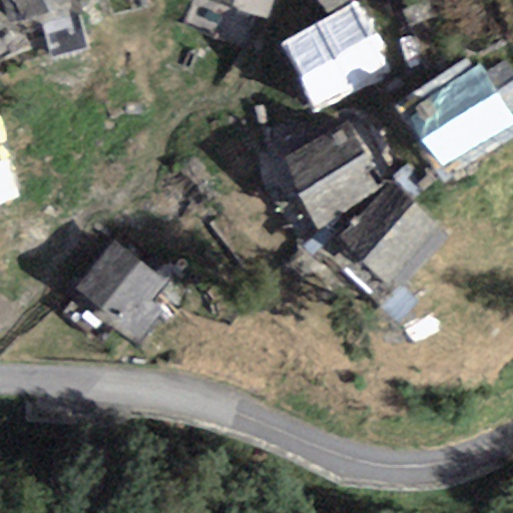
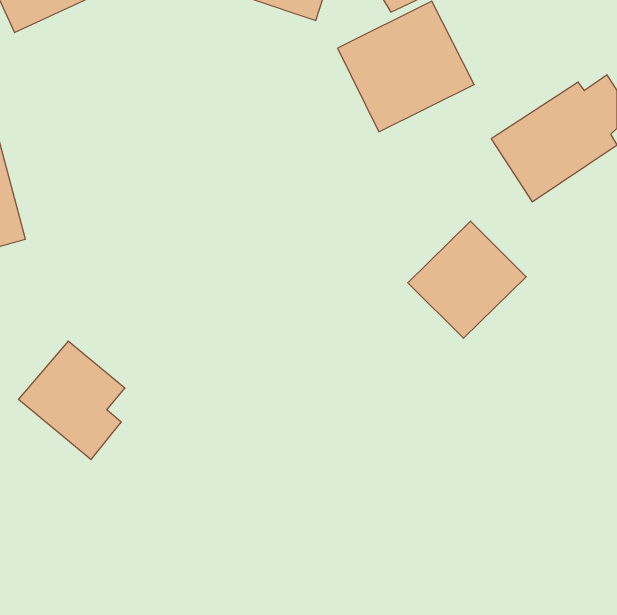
building: [284,120,382,217] -> none
building: [74,241,162,340] -> [18,341,125,460]

